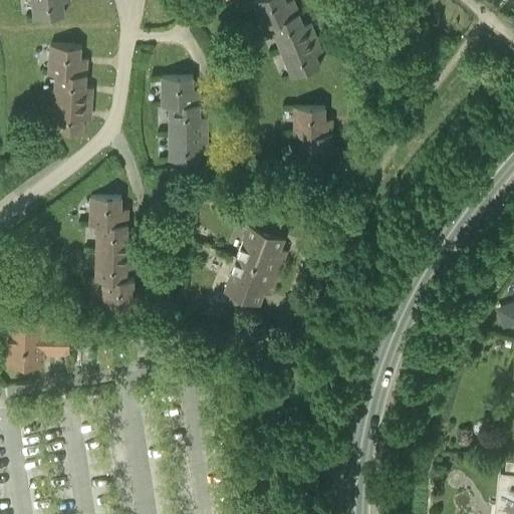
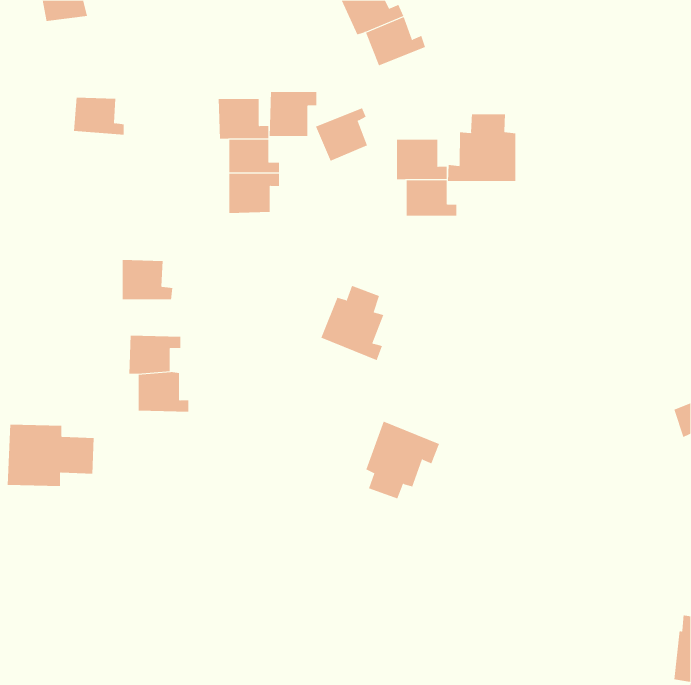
building: [281,39,320,79] -> [315,108,368,162]
building: [48,46,87,77] -> none
building: none -> [269,91,317,137]
building: none -> [448,113,516,182]
building: [52,101,92,133] -> none
building: [96,227,135,254] -> none
building: [225,255,280,313] -> [366,421,440,499]

